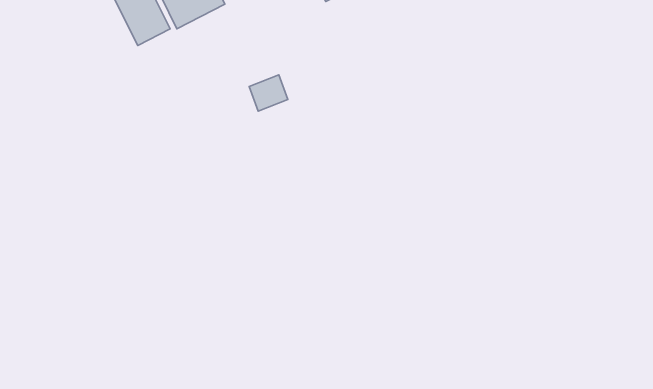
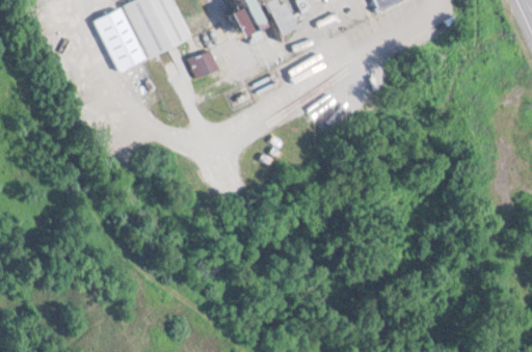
building: [249,75,288,111] -> [188,49,219,78]

